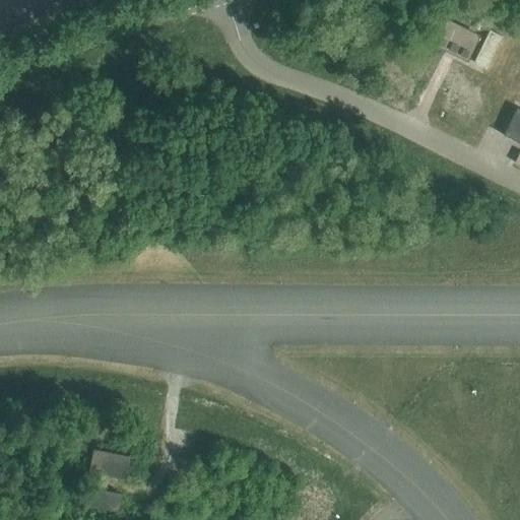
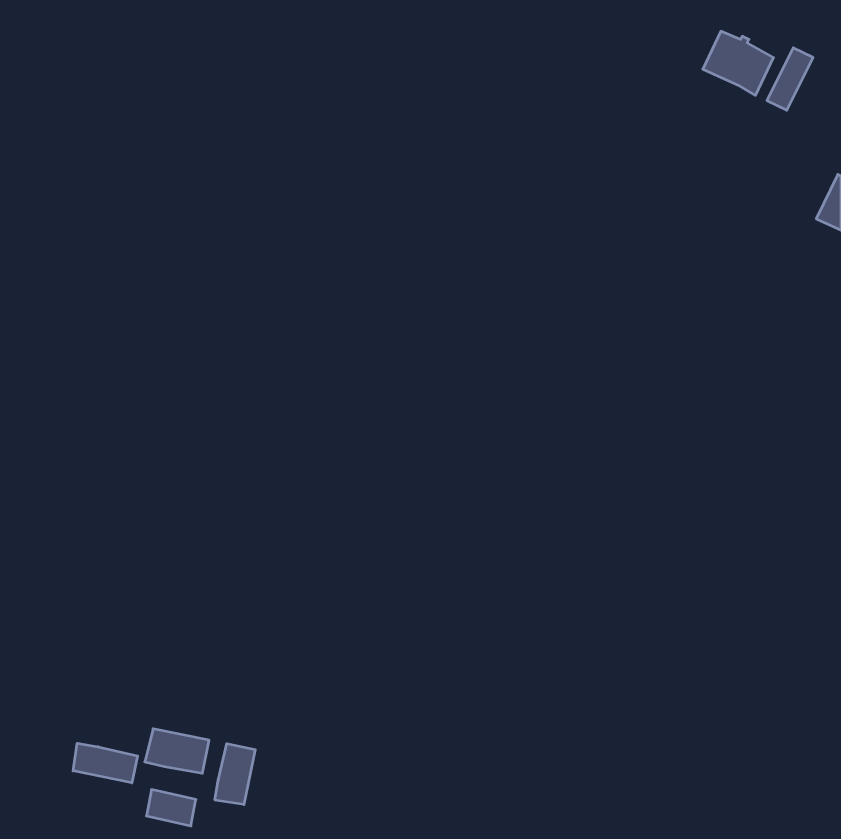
building: none -> [73,743,138,783]
building: none -> [215,744,255,805]

